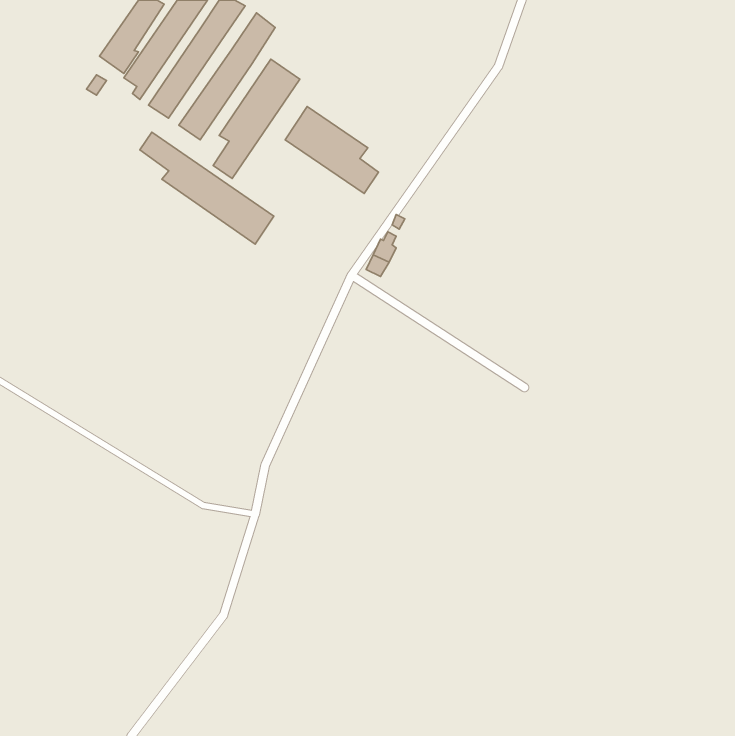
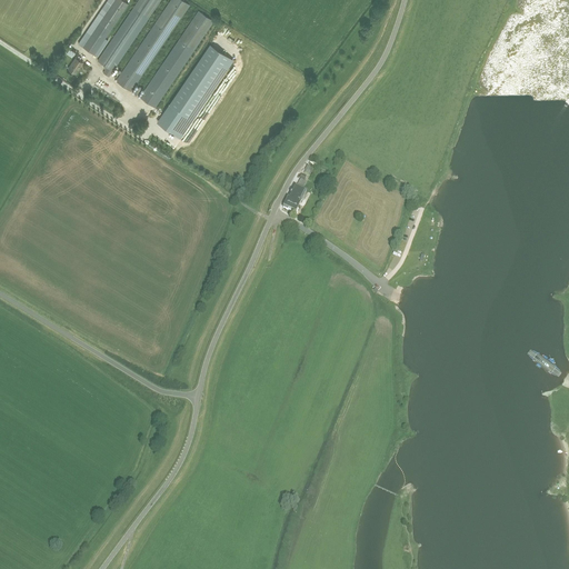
building: [285,107,379,194] -> none
building: [140,132,274,244] -> none

